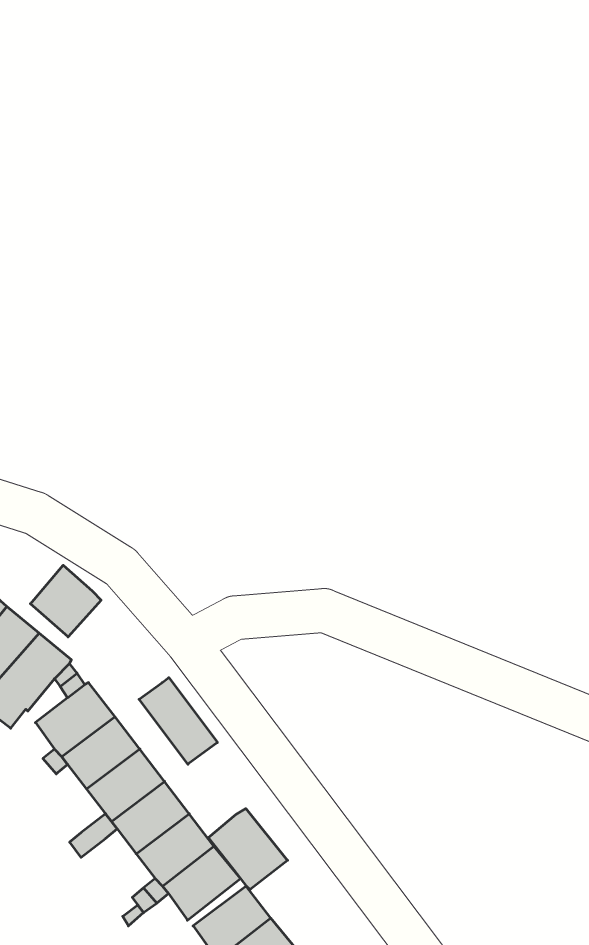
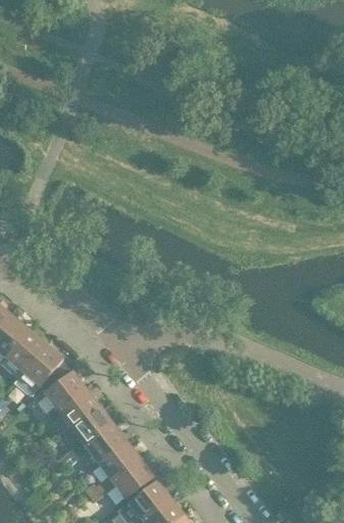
building: [30,565,101,637] -> none
building: [139,678,217,764] -> none
building: [208,809,288,889] -> none

